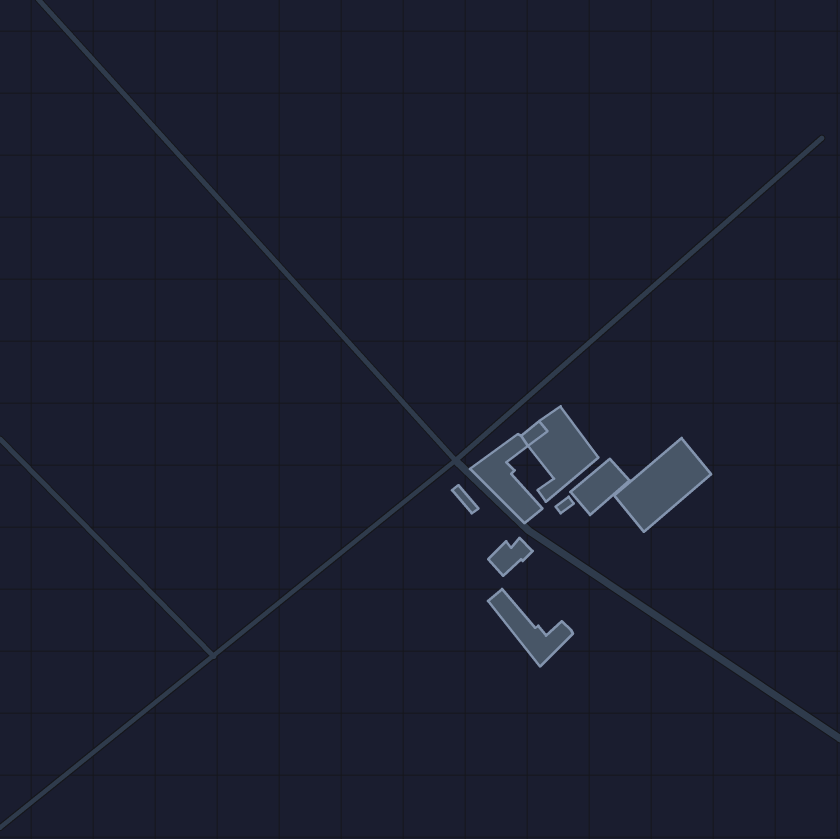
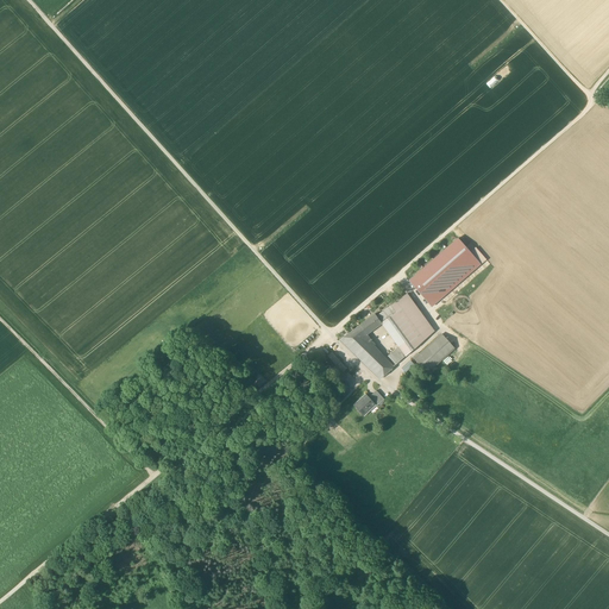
building: [614,438,711,532] -> [409,238,479,306]
building: [488,589,573,666] -> none

